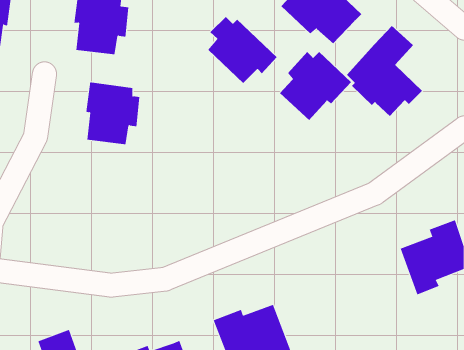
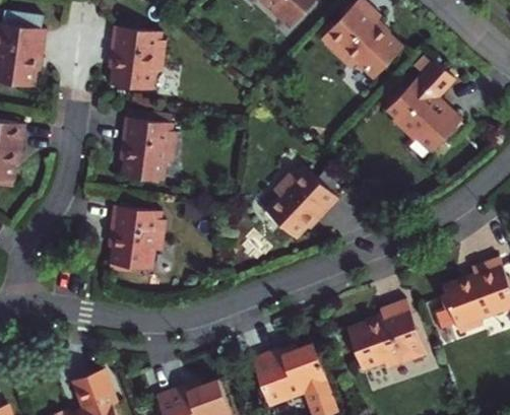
building: [207,16,278,84] -> none
building: [279,51,352,121] -> [265,167,339,238]
building: none -> [109,205,166,271]
building: none -> [347,299,427,369]

